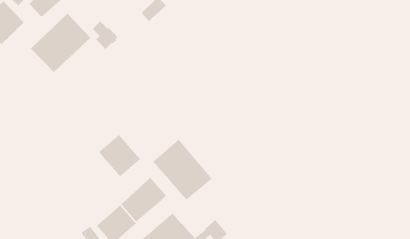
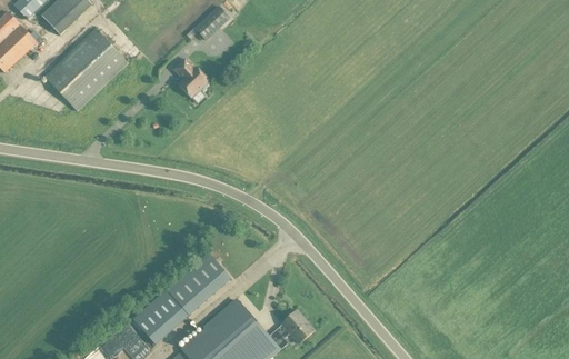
building: [92,21,118,50] -> [173,58,209,98]
building: [98,134,141,177] -> none
building: [152,139,212,201] -> none

